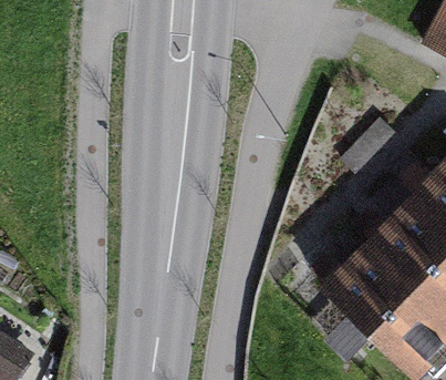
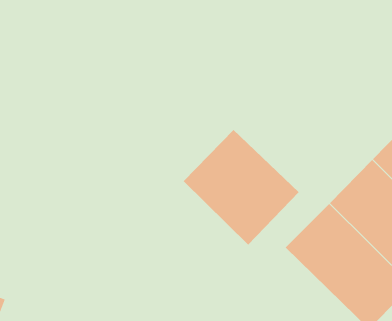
building: none -> [183,129,299,245]

